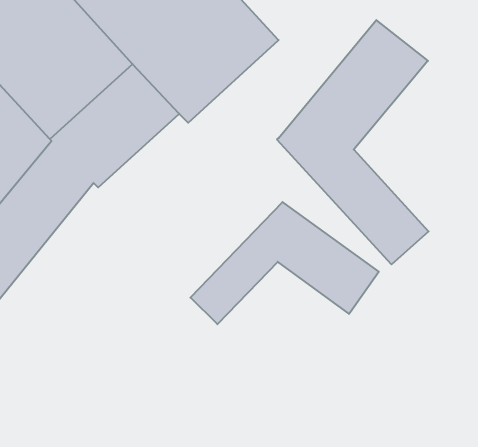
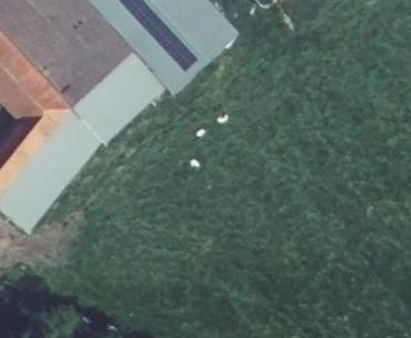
building: [277,20,429,264] -> none
building: [190,202,379,324] -> none

